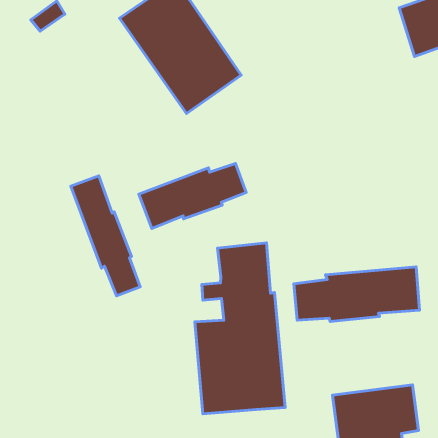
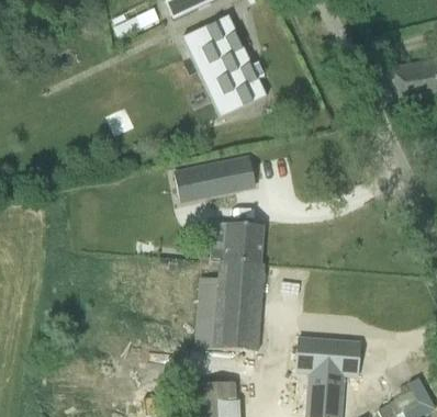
building: [71,176,140,296] -> none
building: [294,267,420,321] -> none

